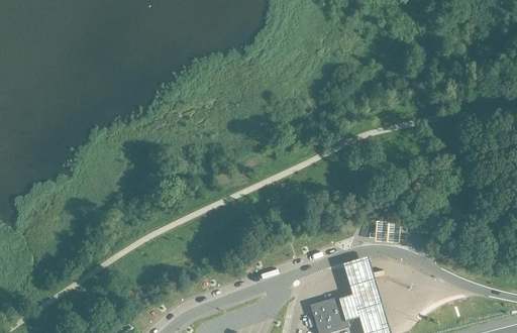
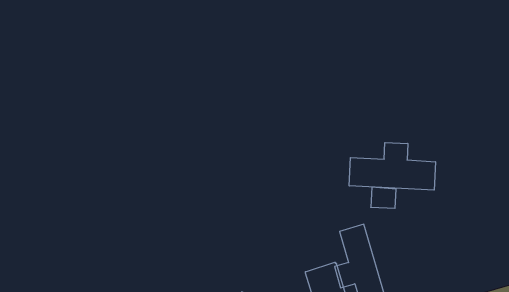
building: none -> [349,143,435,190]

